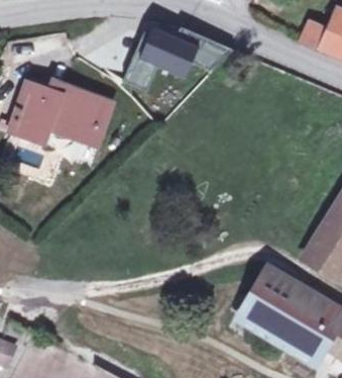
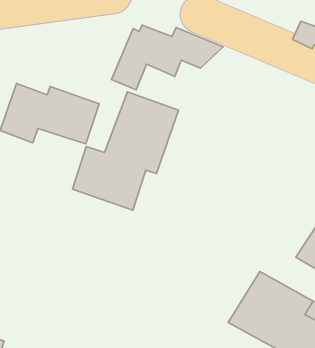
building: none -> [72,92,178,210]

